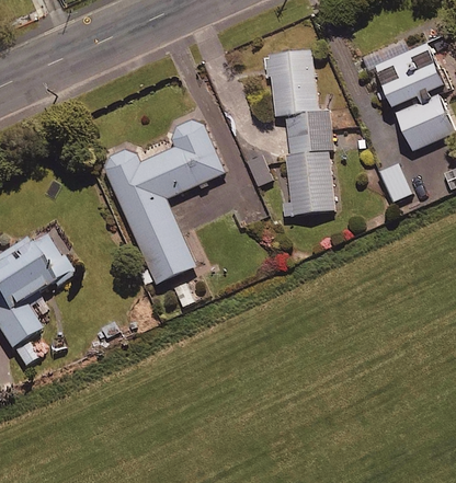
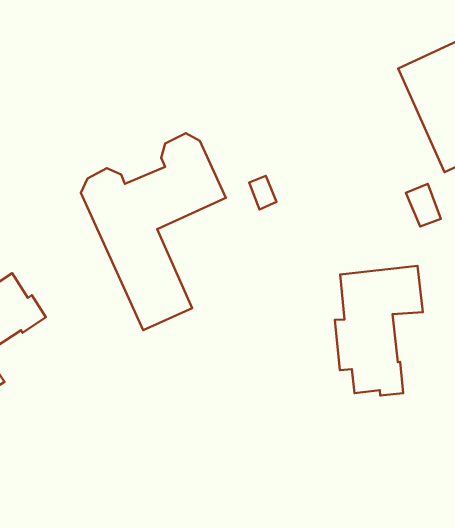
building: [266,48,335,216] -> none
building: none -> [335,266,423,395]

